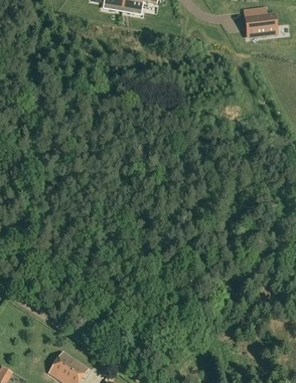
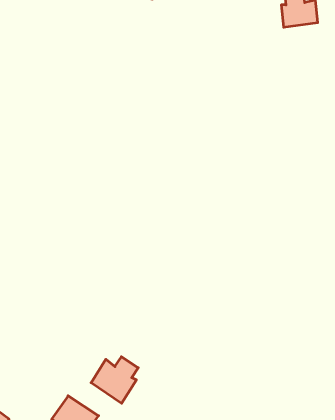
building: none -> [91,357,138,403]

